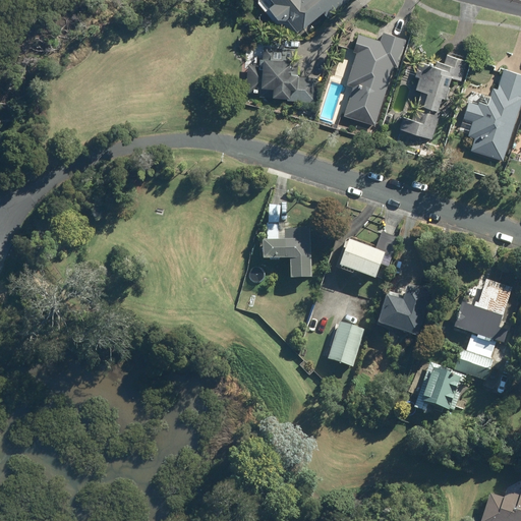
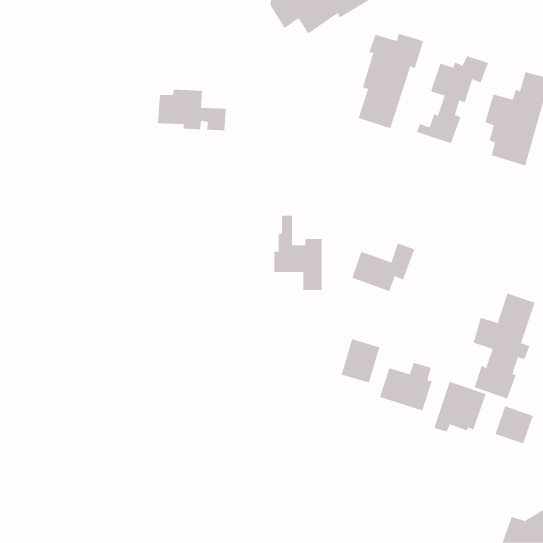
building: [247,58,313,98] -> [157,89,226,131]
building: [374,290,425,337] -> [379,362,432,411]
building: none -> [495,406,533,444]

